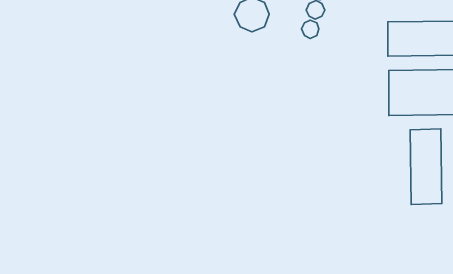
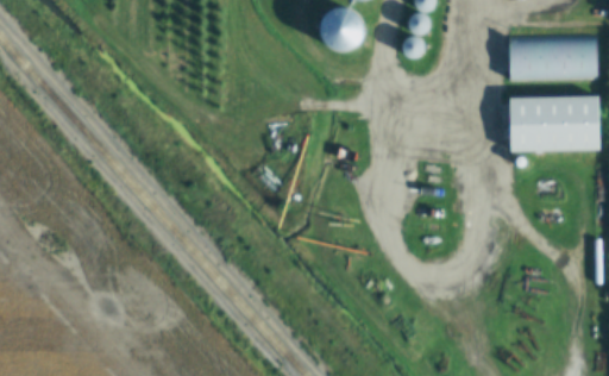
building: [410,129,442,204] -> none

